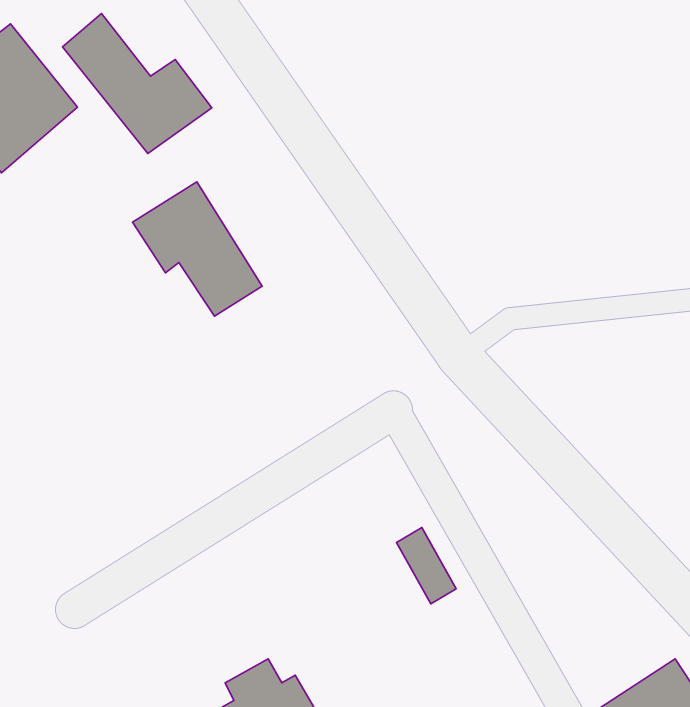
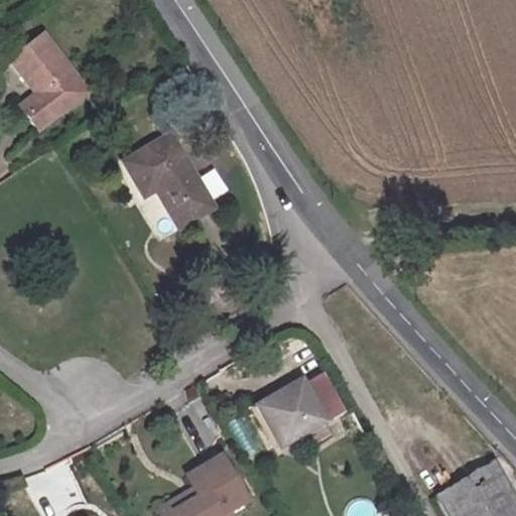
building: [62,13,212,153] -> none
building: none -> [262,382,328,447]

